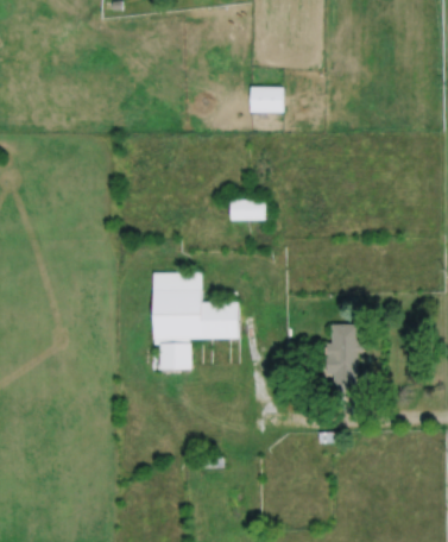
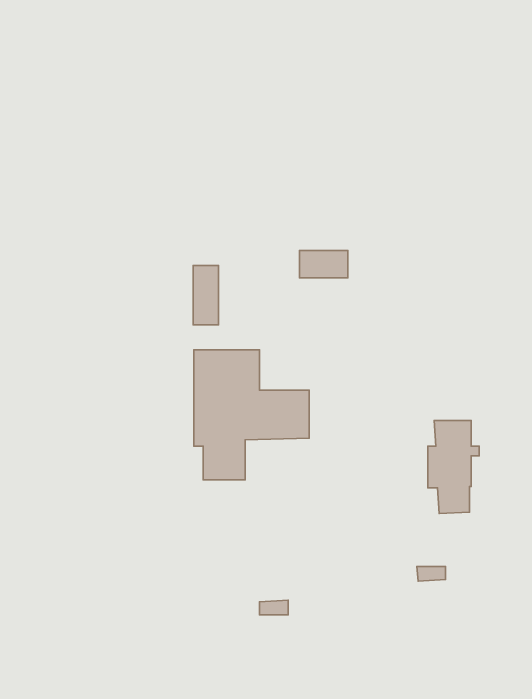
building: [250,87,283,113] -> none
building: none -> [193,266,219,325]

